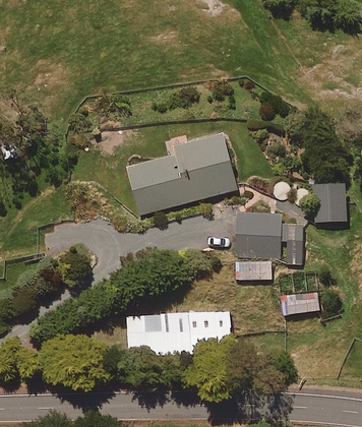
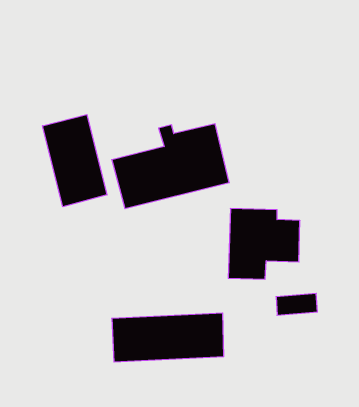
building: none -> [43,115,107,207]
building: [314,183,346,221] -> none

